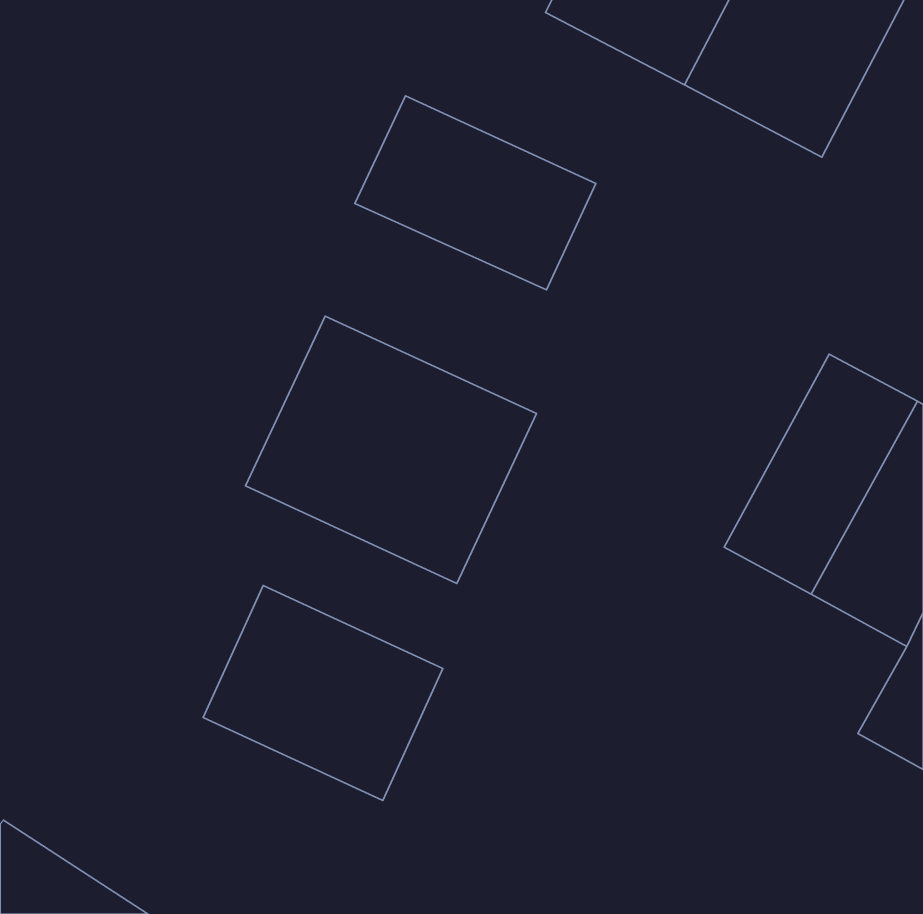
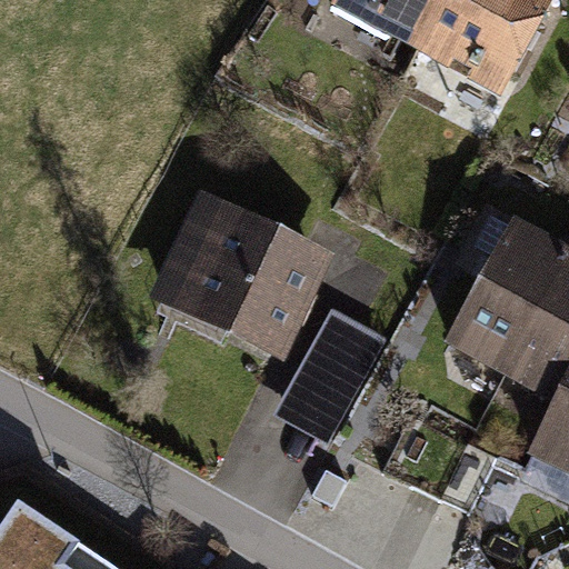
building: [355,96,596,290] -> none
building: none -> [278,306,385,442]
building: [203,586,443,800] -> none

